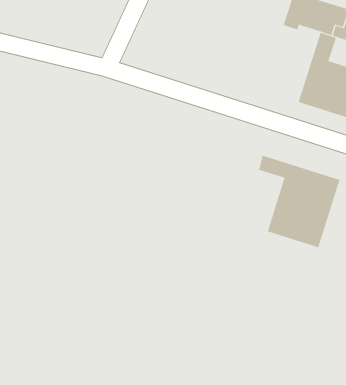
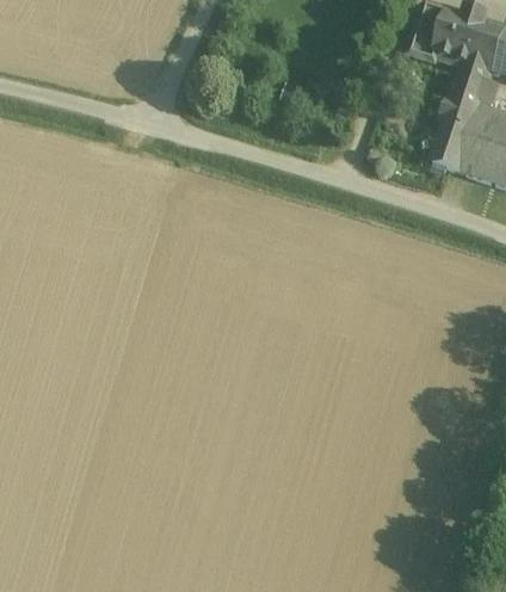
building: [258,155,340,248] -> none

